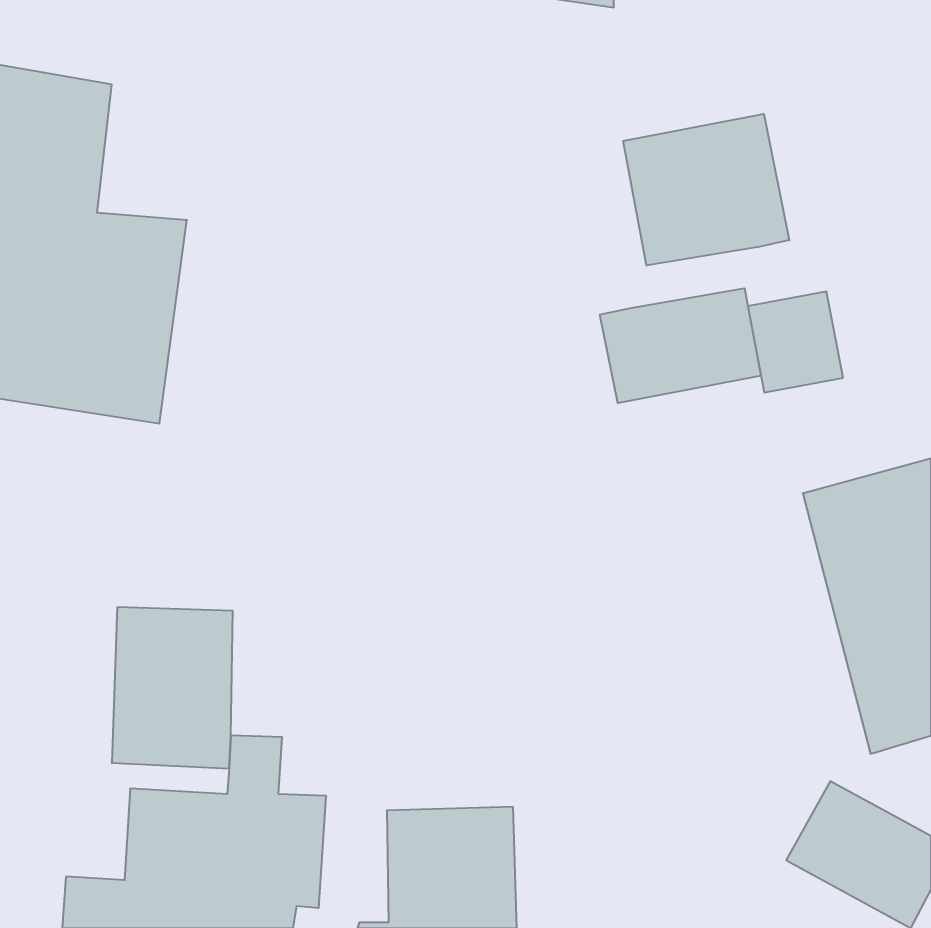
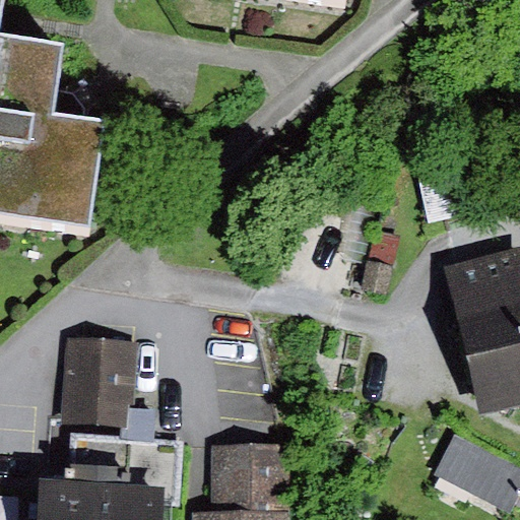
building: [623,114,789,266] -> none
building: [600,288,761,403] -> none

